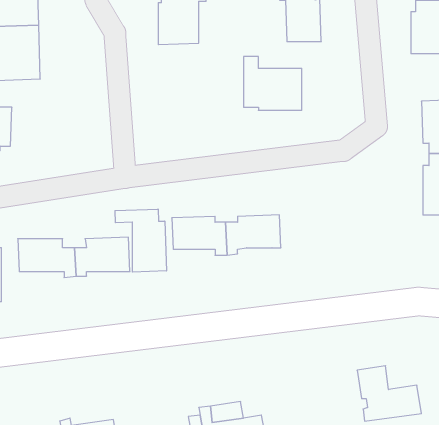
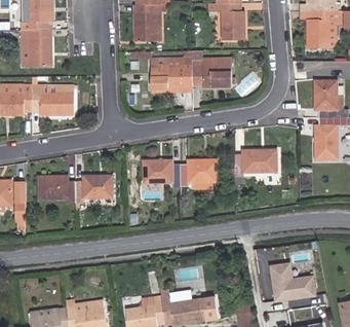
building: none -> [151,58,192,88]
building: none -> [32,84,74,114]
building: none -> [235,149,277,176]
building: [115,209,166,272] -> none

